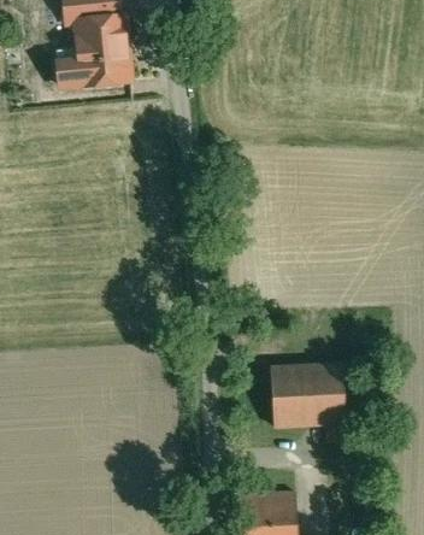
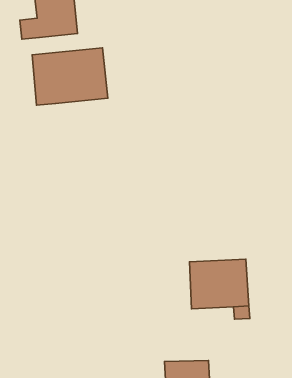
building: none -> [32,48,108,105]

